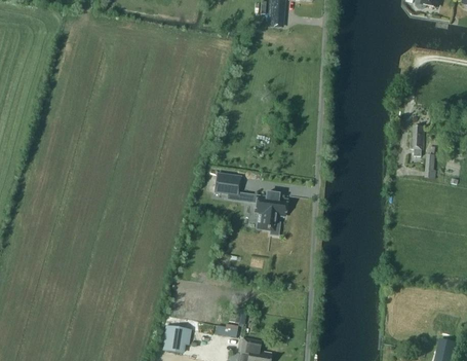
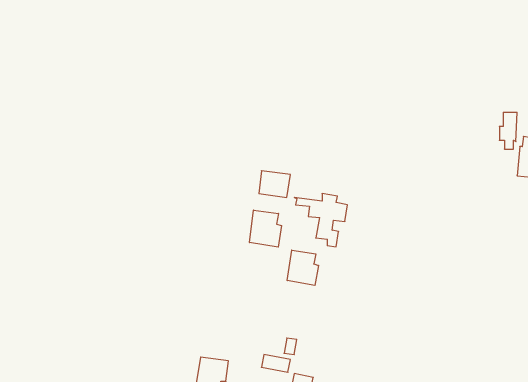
building: none -> [250,210,282,247]
building: none -> [287,250,319,285]

